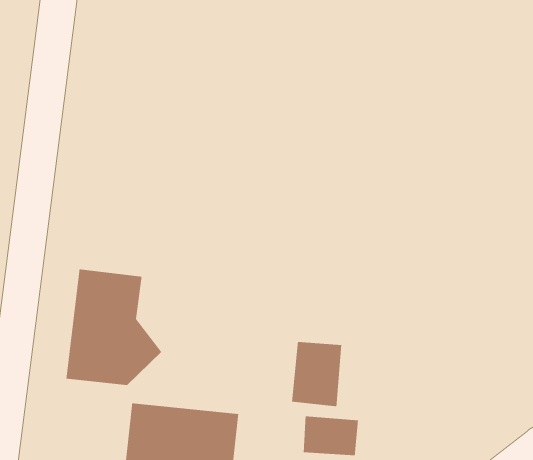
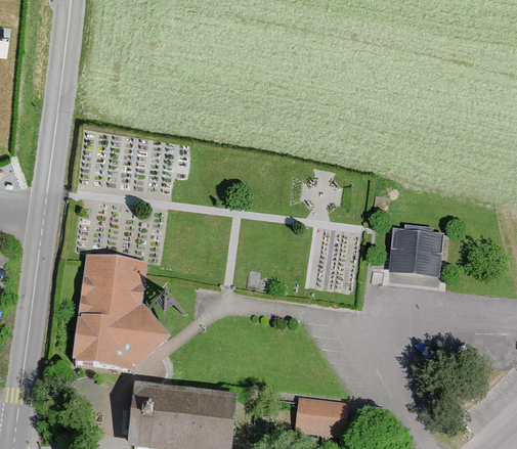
building: none -> [387,223,448,274]
building: [291,341,342,407] -> none

